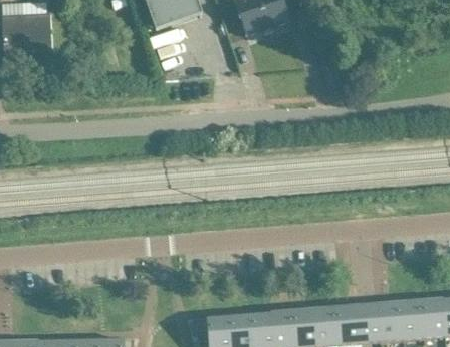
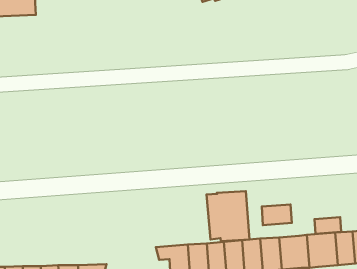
building: none -> [206,191,250,241]
building: none -> [262,204,292,225]
building: none -> [314,217,341,234]

